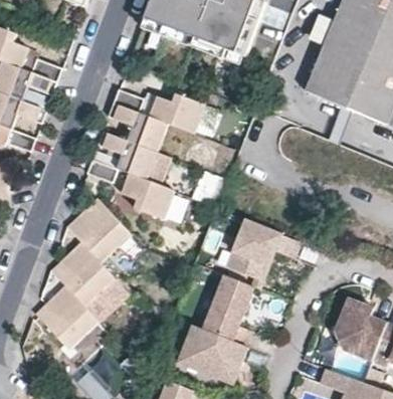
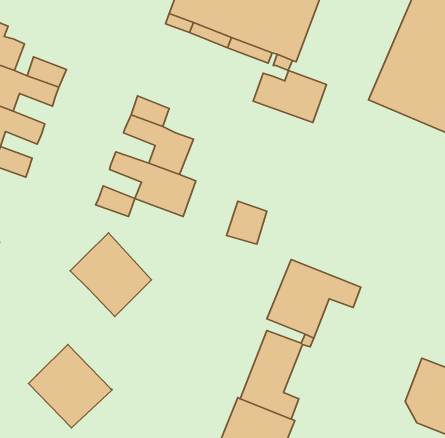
building: [151,92,209,134] -> [253,71,327,123]
building: [122,173,171,218] -> none
building: [50,240,130,320] -> none

